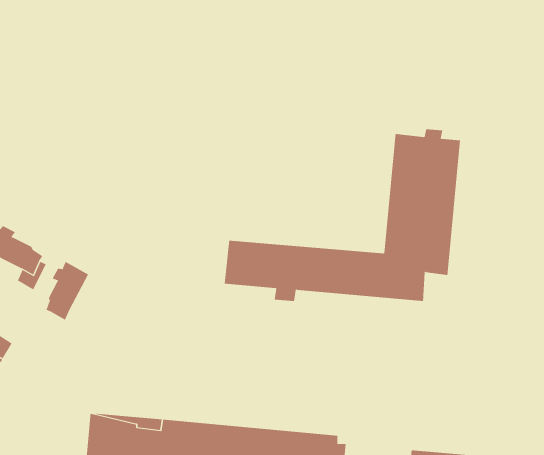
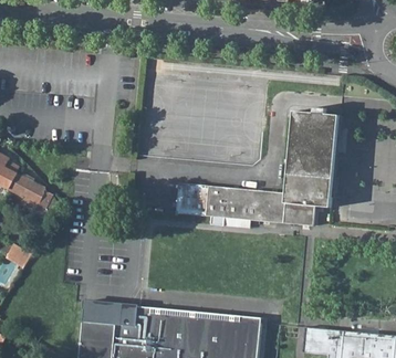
building: [46,261,89,320] -> none

